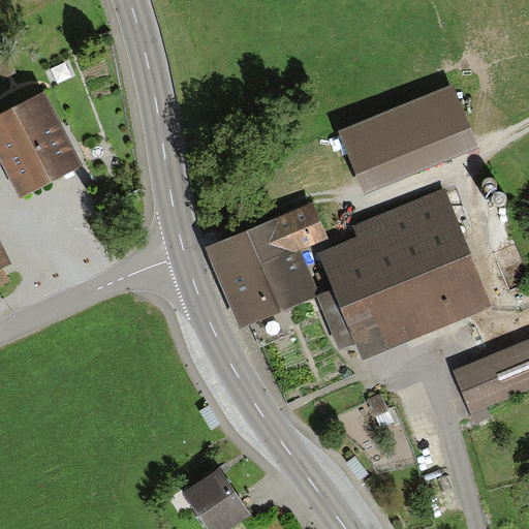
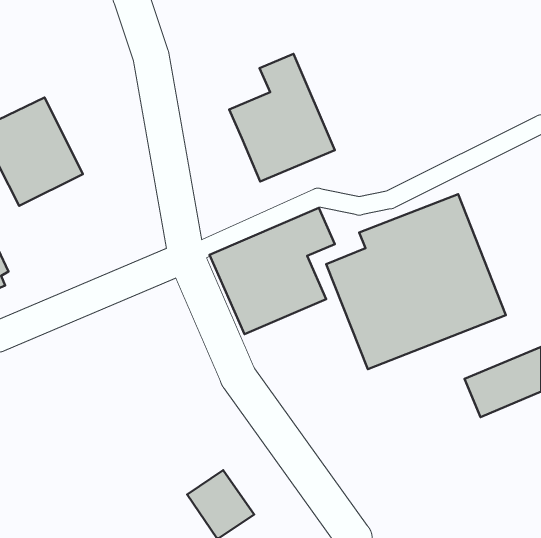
building: none -> [229,54,335,181]
building: [339,87,476,193] -> none

